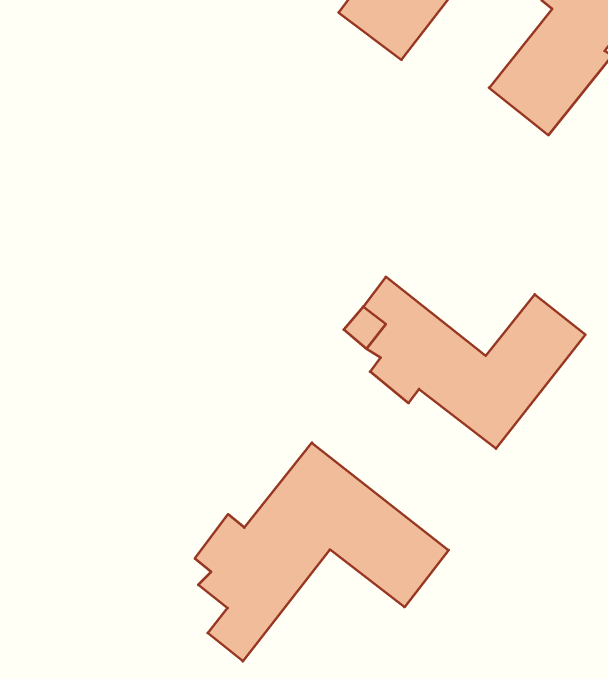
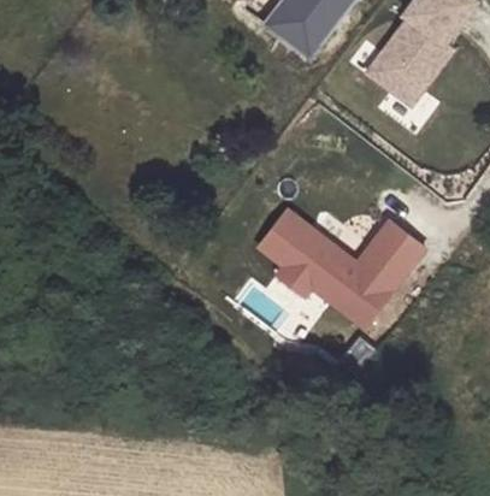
building: [195,443,449,661] -> none

